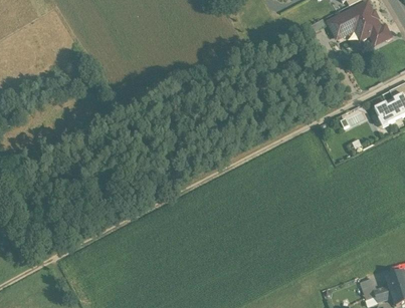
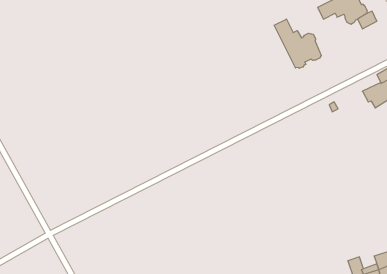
building: none -> [274,19,321,68]

